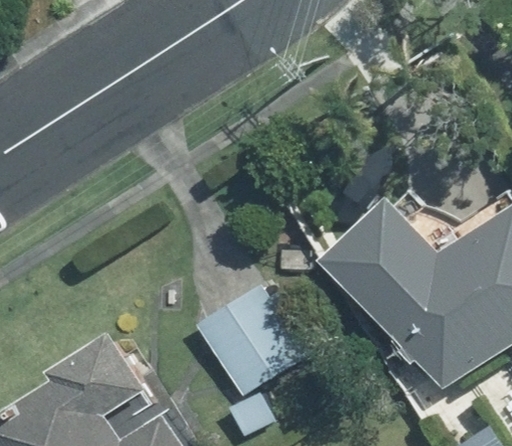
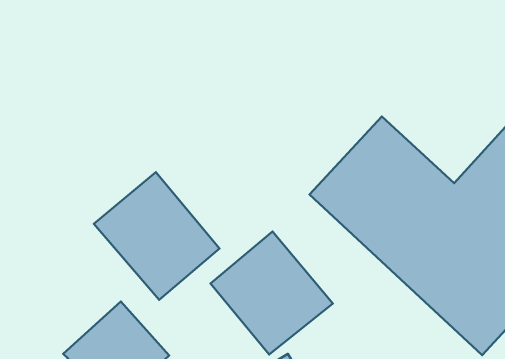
building: none -> [94,172,220,300]

